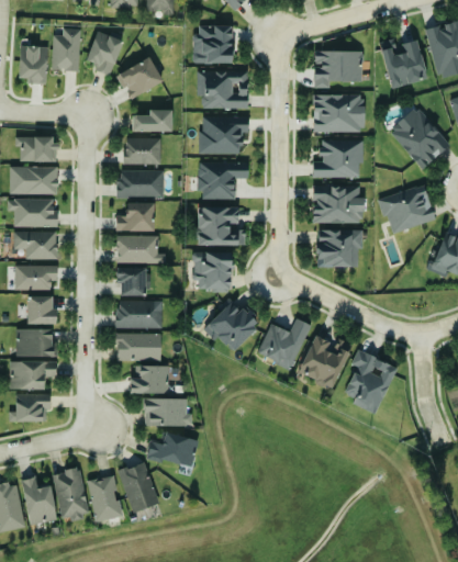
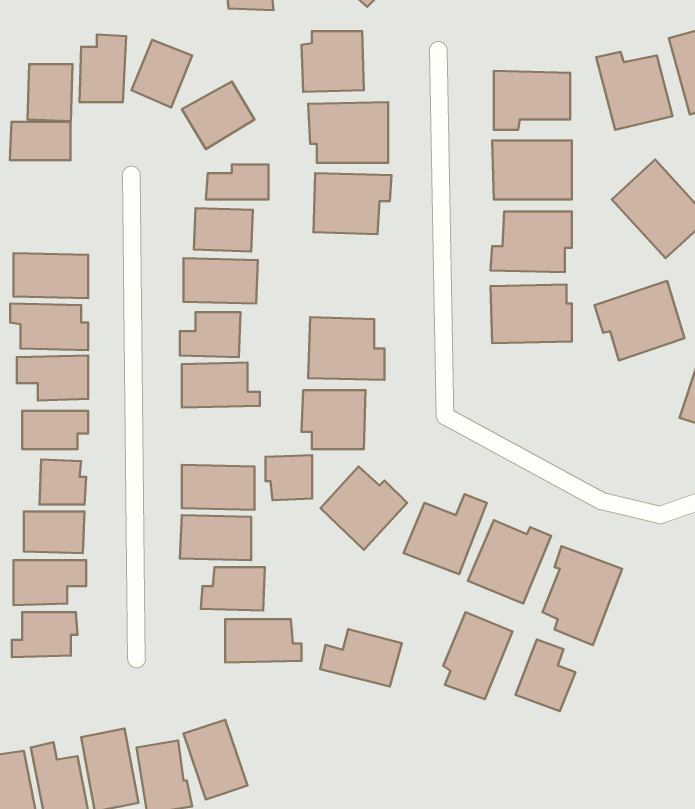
building: [18,137,56,161] -> [10,122,71,160]
building: [198,161,248,199] -> none
building: [316,229,362,268] -> none
building: [116,268,146,296] -> [265,455,312,500]
building: none -> [443,612,513,699]
building: none -> [516,639,576,711]
building: [147,430,199,467] -> [320,629,402,686]

